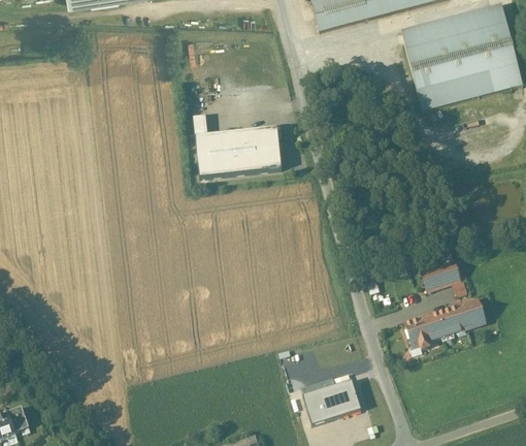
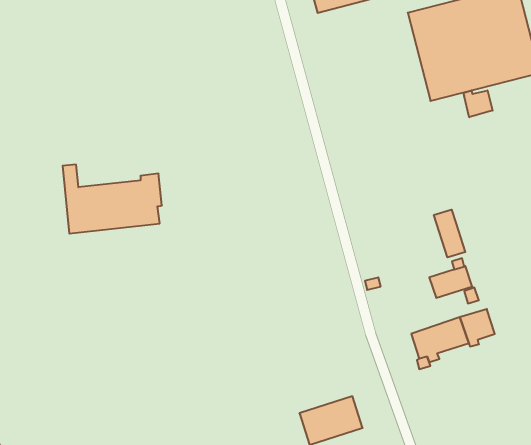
building: none -> [464,90,493,117]
building: [193,115,284,178] -> [63,165,162,234]
building: none -> [434,210,465,257]

